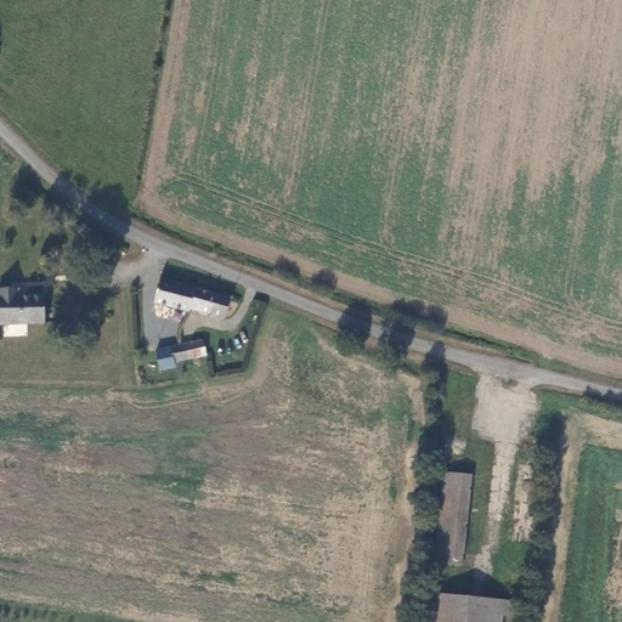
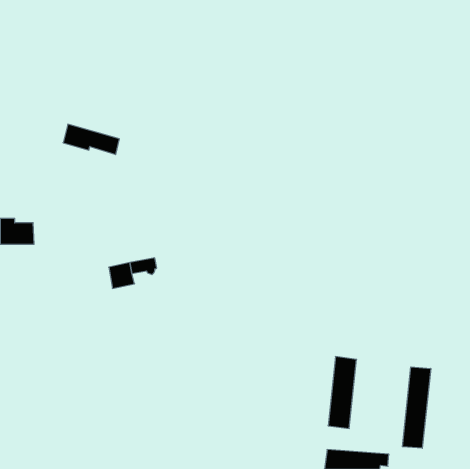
building: [157,277,231,317] -> [63,124,119,155]
building: none -> [402,367,431,448]

